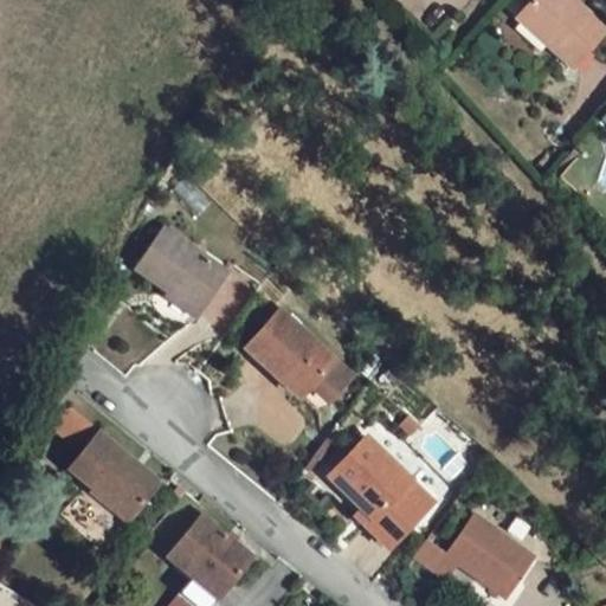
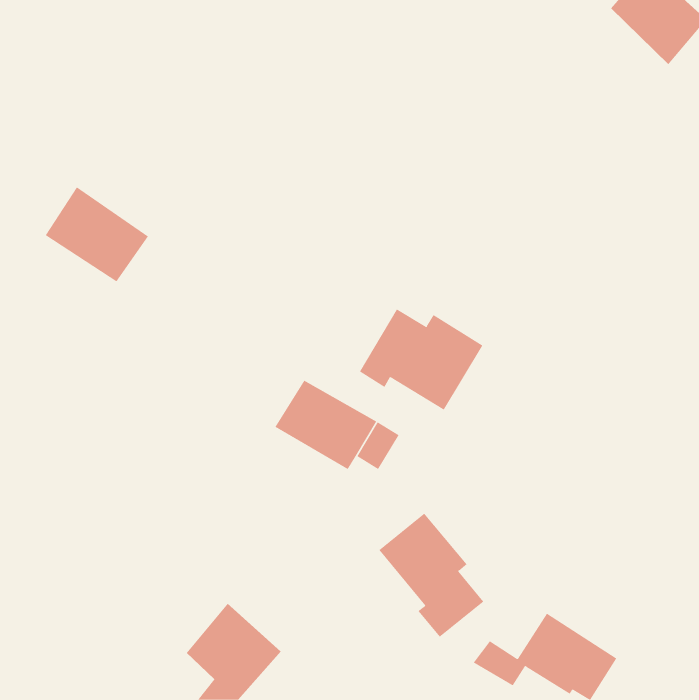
building: [138,224,227,305] -> [45,187,149,282]
building: none -> [359,309,483,410]
building: [50,404,159,516] -> none

